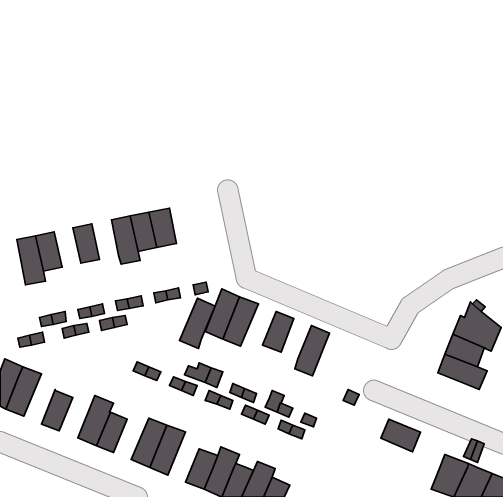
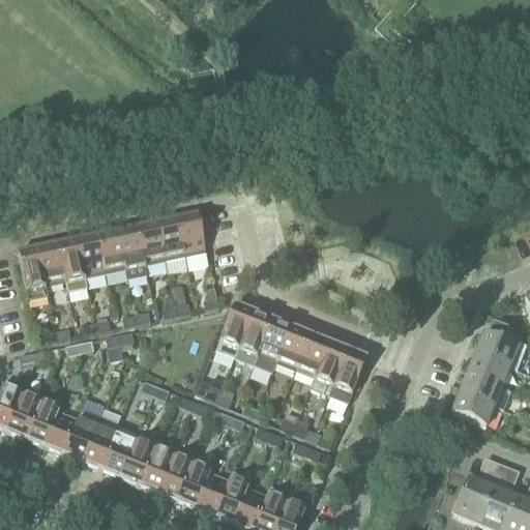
building: none -> [179,214,206,256]
building: none -> [97,231,125,272]
building: none -> [58,239,88,291]
building: [180,298,215,349] -> [254,319,291,372]
building: none -> [296,334,328,377]
building: none -> [329,350,366,403]
building: none -> [26,392,63,445]
building: none -> [63,408,100,460]
building: none -> [120,431,157,482]
building: [381,419,420,452] -> [452,391,494,425]
building: none -> [177,453,214,506]

